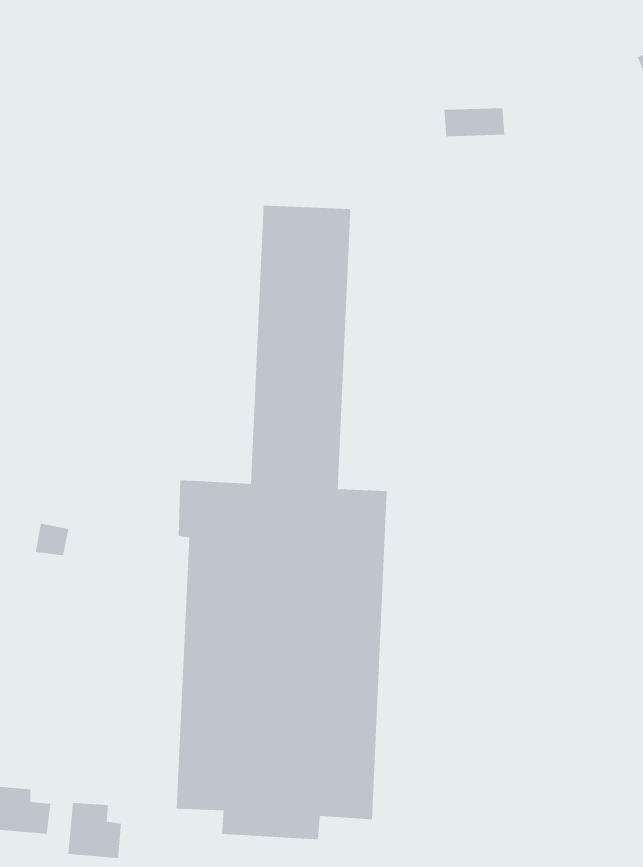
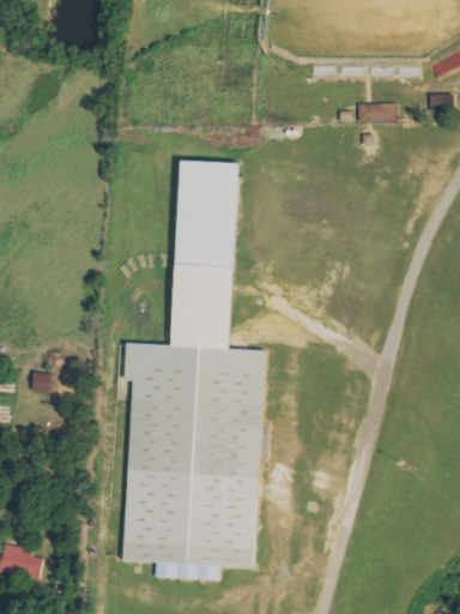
building: [444,108,505,137] -> [355,102,395,121]
building: [68,802,122,859] -> none

